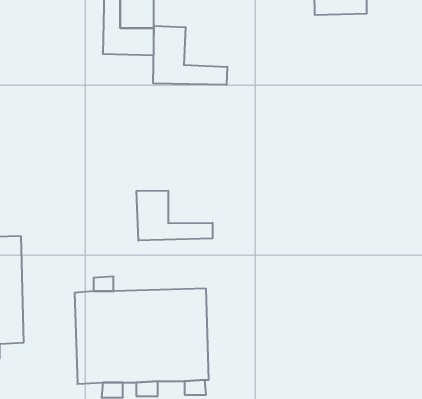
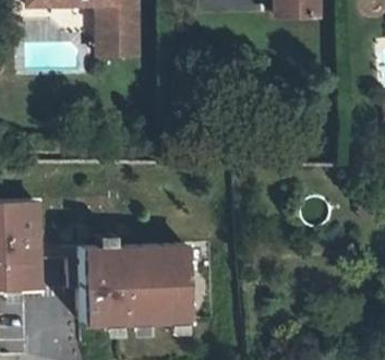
building: [153,26,227,85] -> none
building: [137,191,212,241] -> none

